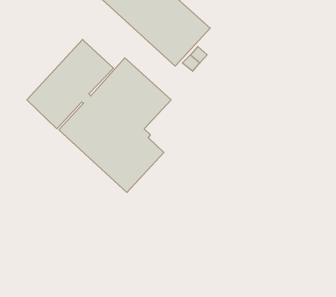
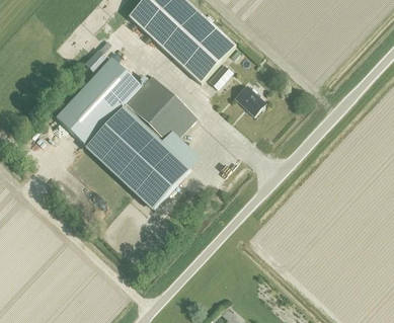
building: none -> [235,83,266,114]

